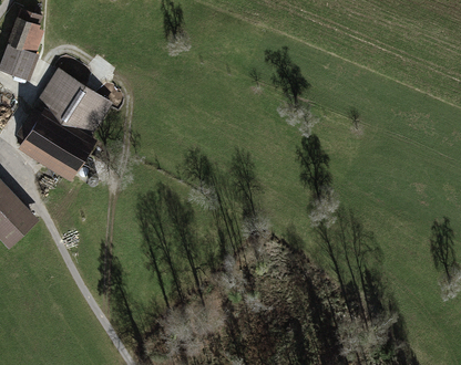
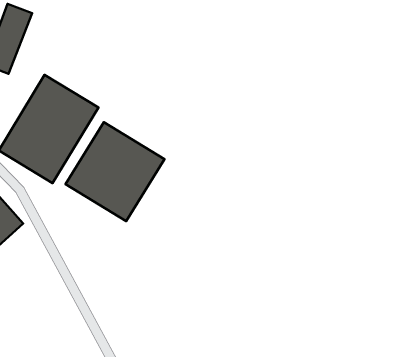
building: none -> [65,122,164,221]

